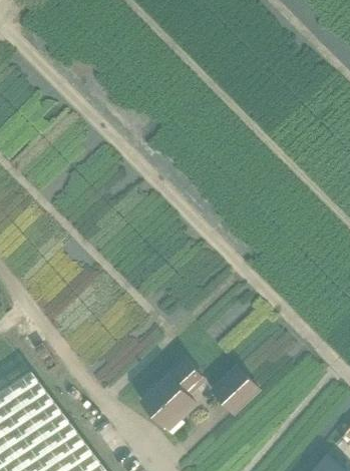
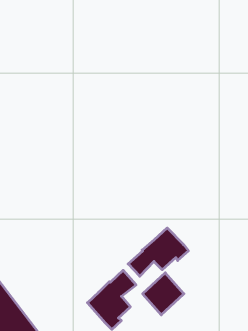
building: none -> [128,228,188,276]

